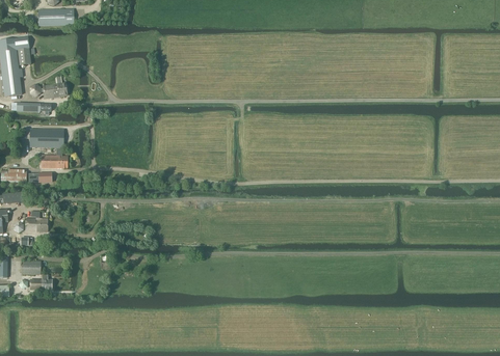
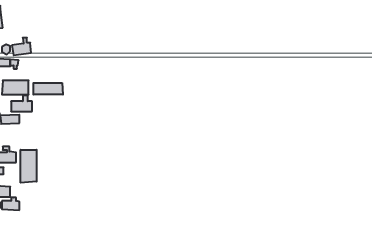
building: none -> [33,83,63,95]
building: none -> [21,150,37,183]

